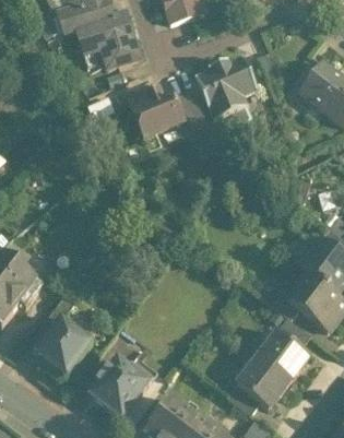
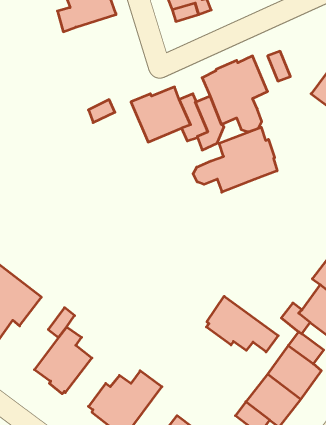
building: [75,12,140,68] -> none
building: none -> [193,127,277,192]
building: none -> [206,296,278,352]

